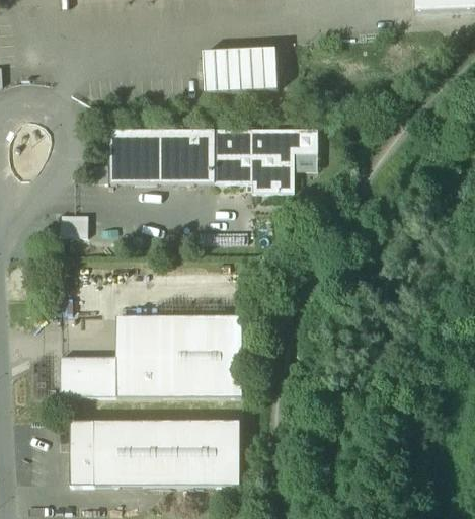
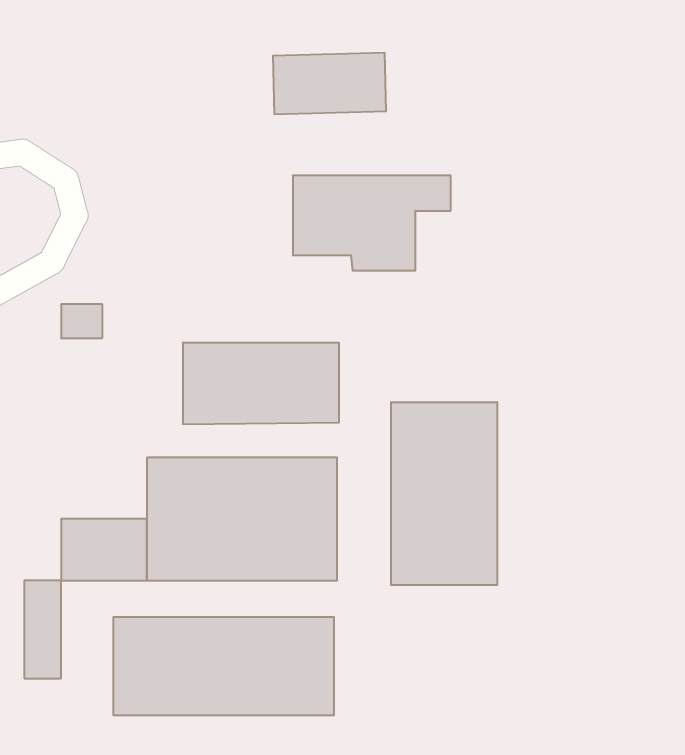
building: [109,129,213,182] -> [183,343,339,424]
building: none -> [391,402,497,585]
building: [70,421,94,486] -> [24,580,61,678]

